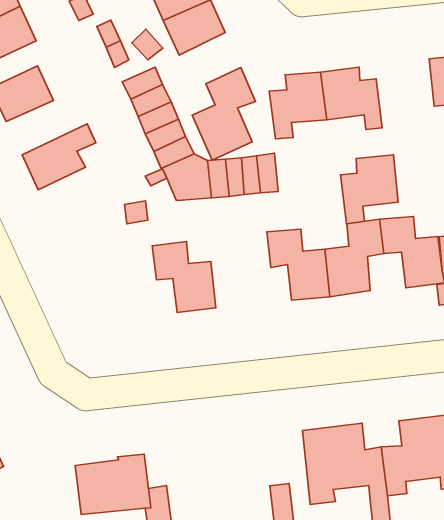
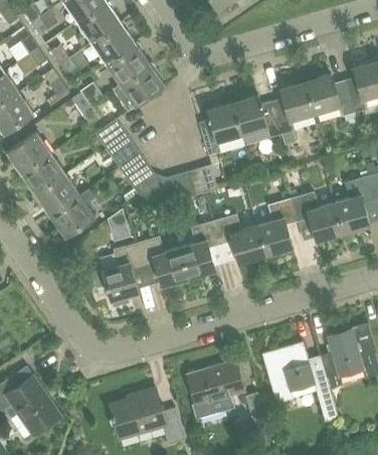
building: [192,67,256,160] -> none
building: none -> [21,155,65,196]
building: [340,155,398,224] -> [271,82,315,135]
building: none -> [51,192,96,239]
building: none -> [179,220,221,279]
building: none -> [102,244,144,301]
building: none -> [188,361,244,420]

